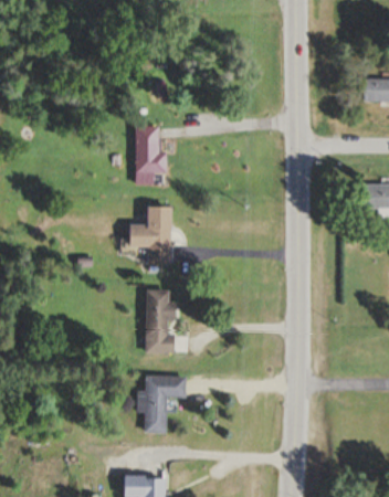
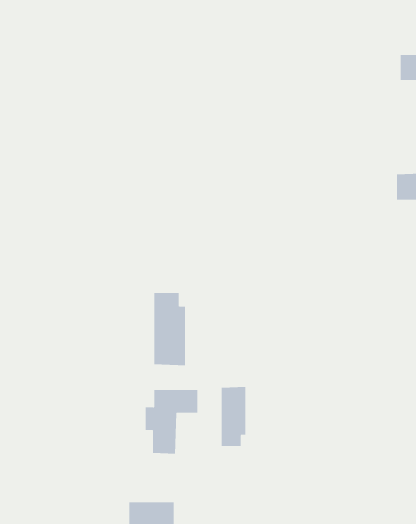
building: [135,127,167,175] -> none
building: [129,207,171,265] -> none
building: none -> [221,386,246,447]

